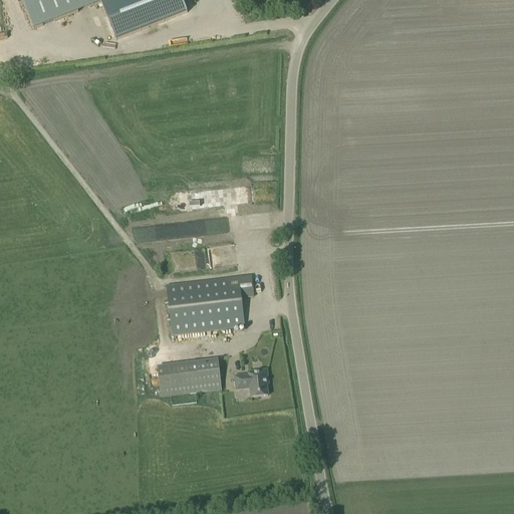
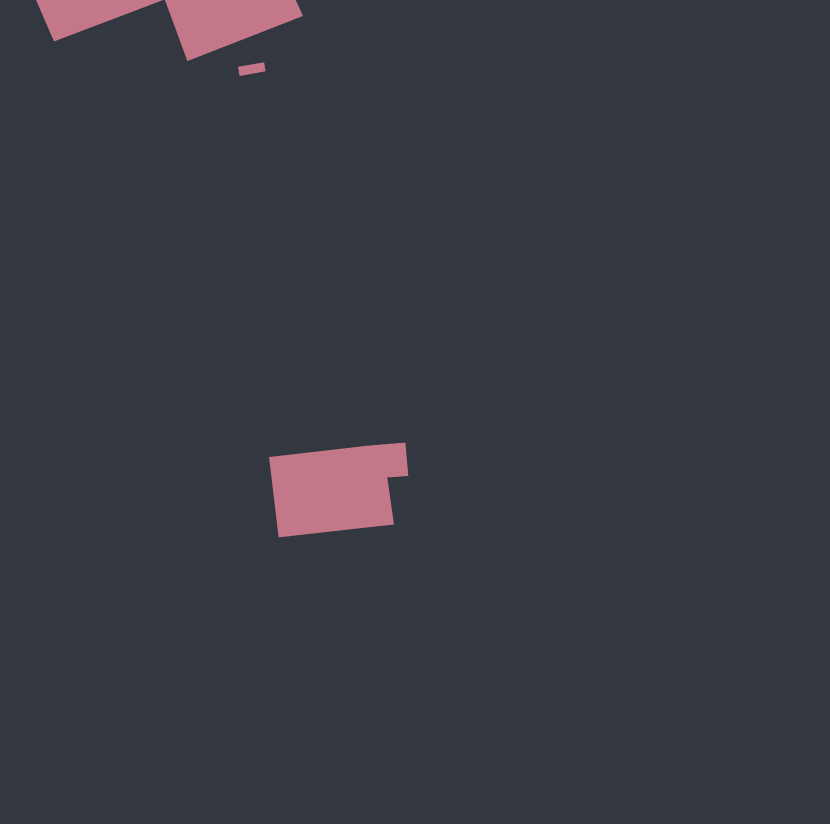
building: [158,357,221,394] -> none
building: [235,367,268,395] -> none

